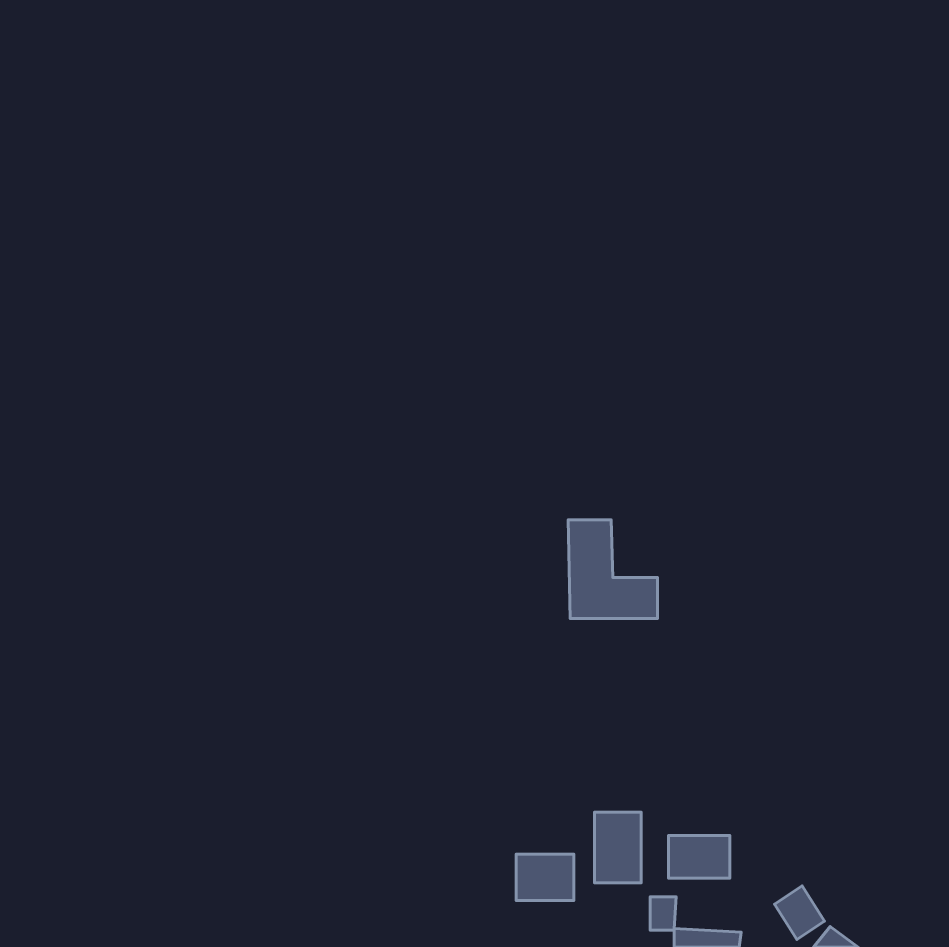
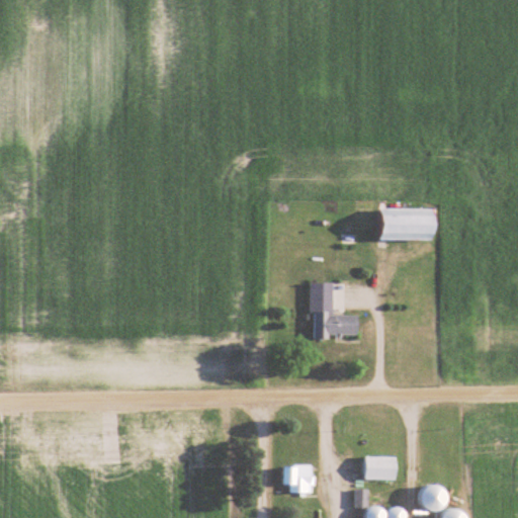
building: none -> [381,208,438,240]
building: [594,812,641,883] -> none

